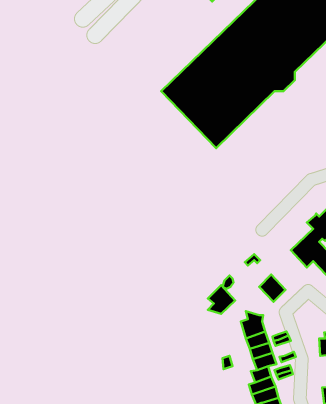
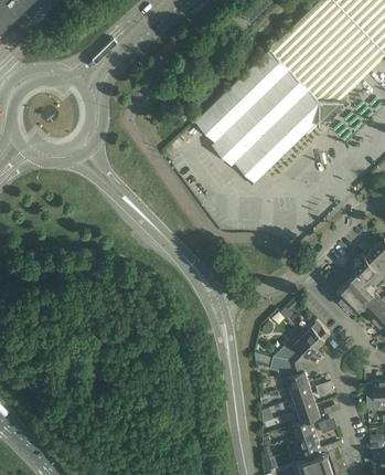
building: [208,285,235,314] -> [287,332,317,363]

